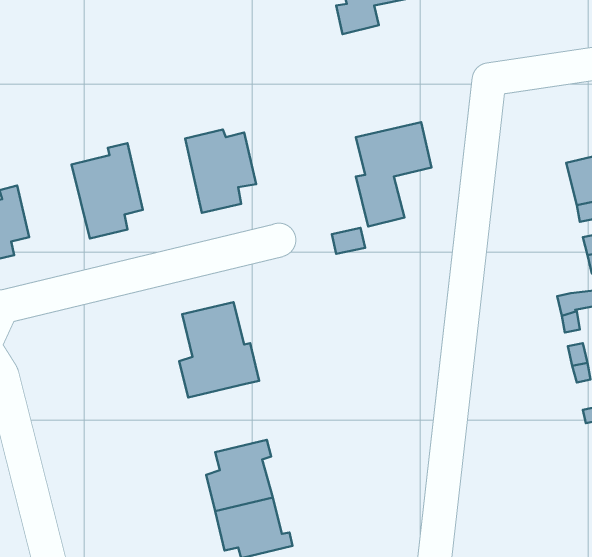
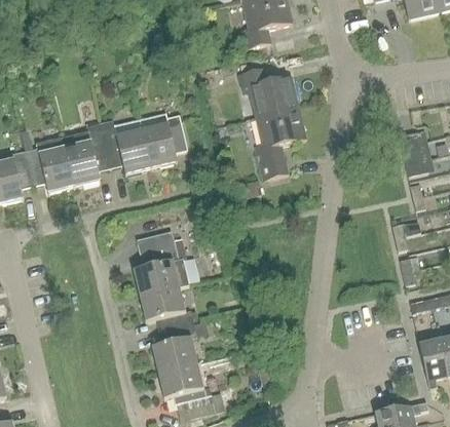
building: none -> [237,68,299,118]
building: none -> [100,119,150,174]
building: none -> [25,137,74,193]
building: none -> [141,285,194,332]

